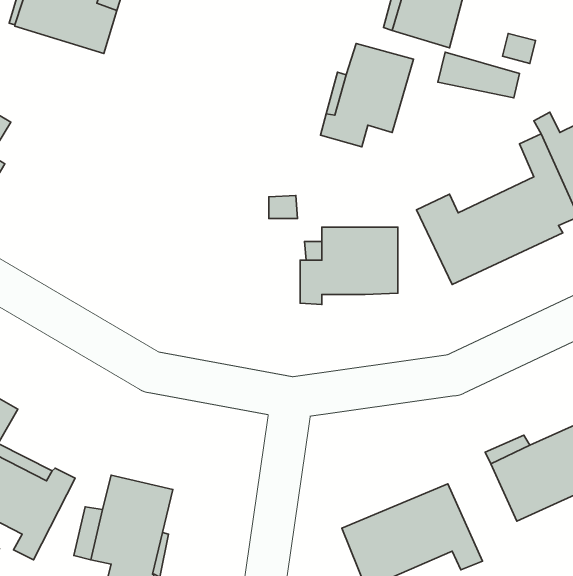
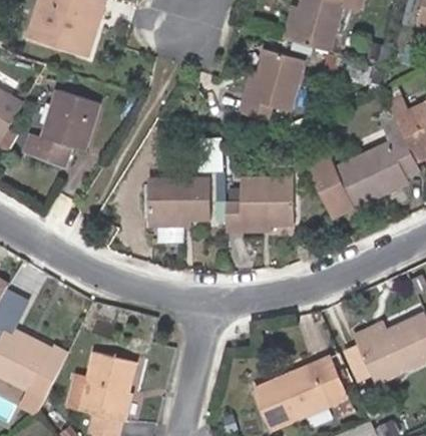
building: none -> [22,89,99,168]
building: none -> [147,177,210,221]

